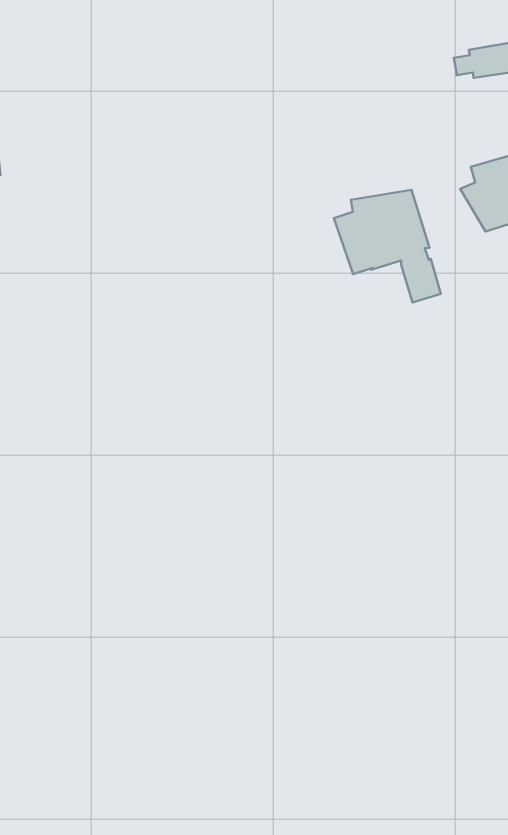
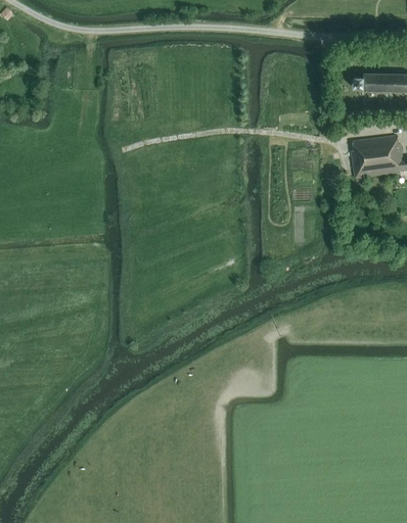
building: [334,190,441,302] -> none

